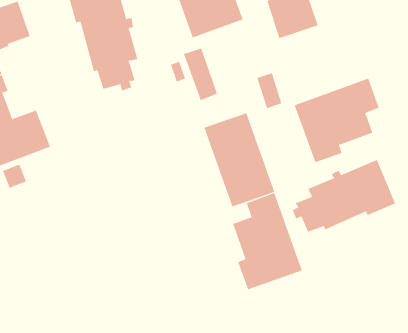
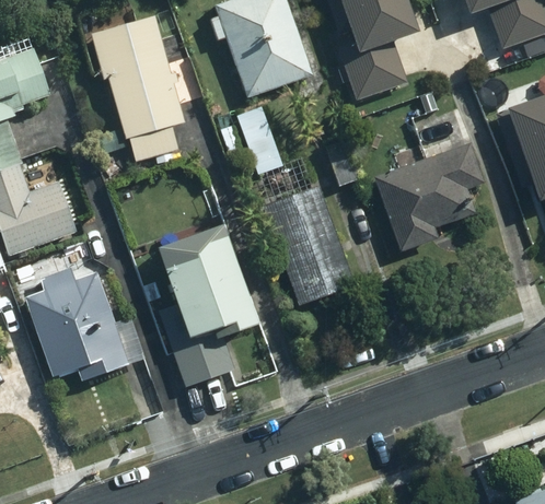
building: none -> [155,230,253,383]
building: [292,159,396,233] -> none
building: none -> [24,269,126,379]
building: [232,192,303,290] -> none

